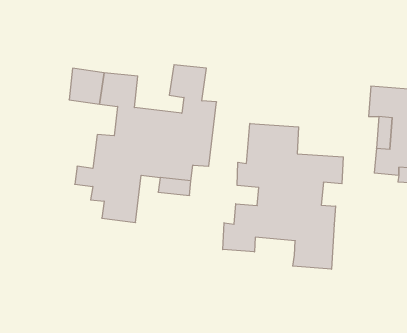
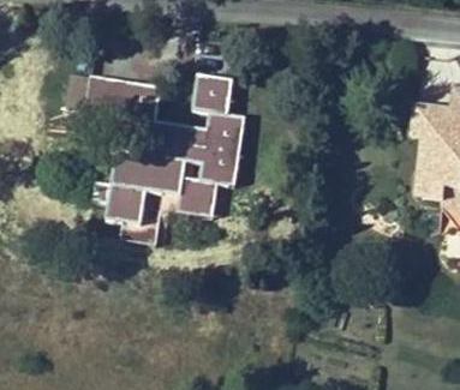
building: [223,123,343,269] -> none

